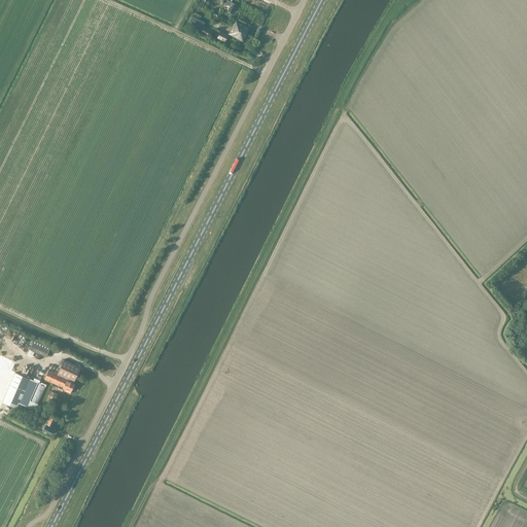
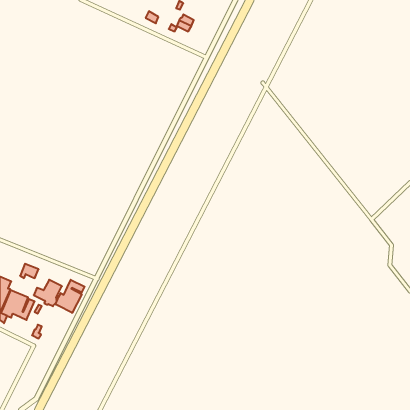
building: none -> [55,280,85,313]

